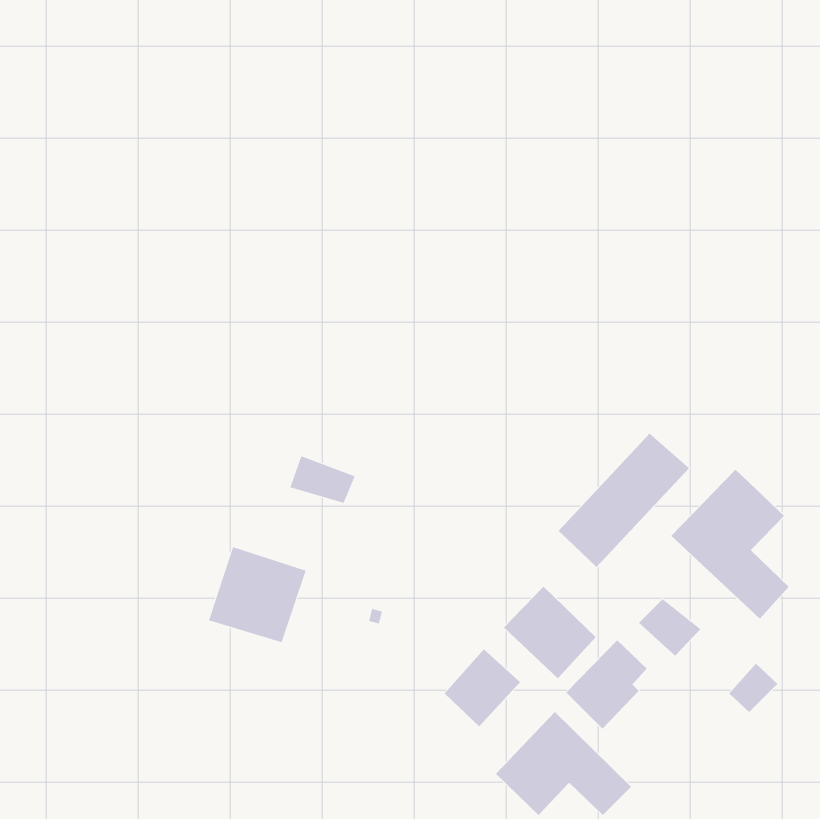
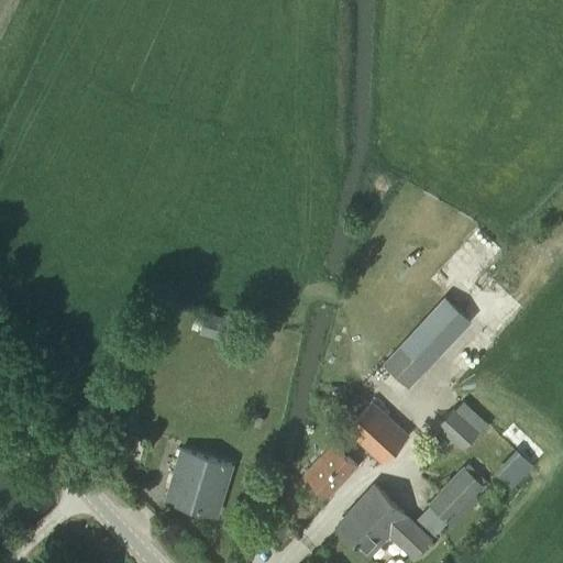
building: [671,469,790,619] -> none
building: [208,546,306,643] -> [166,451,233,517]
building: [566,639,648,729] -> [429,468,485,530]

